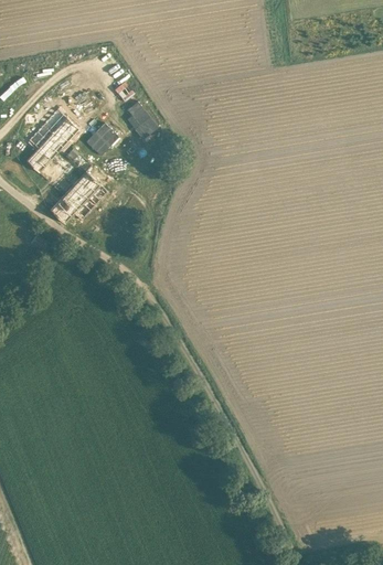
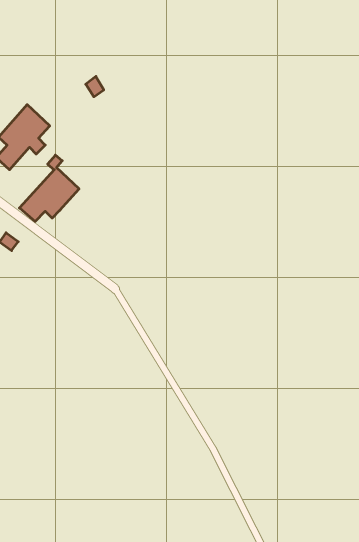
building: [124,99,156,138] -> none
building: [86,122,120,152] -> none

